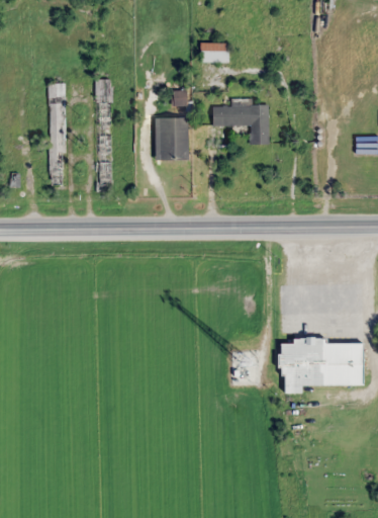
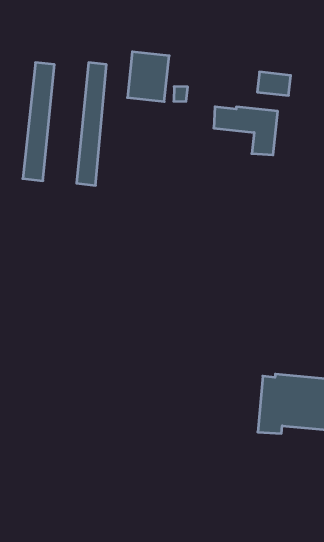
building: [200,44,228,62] -> [257,72,291,95]
building: [155,118,188,160] -> [127,52,169,102]

